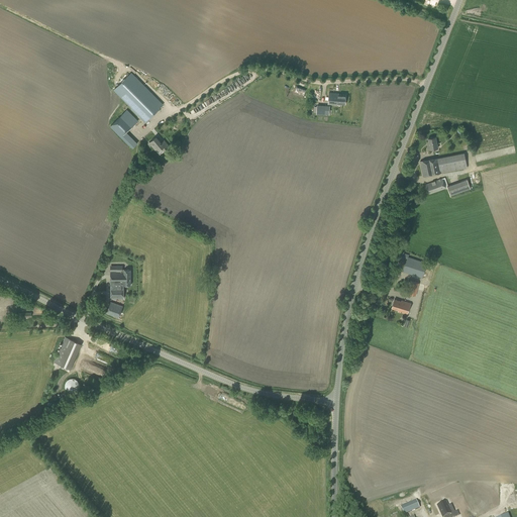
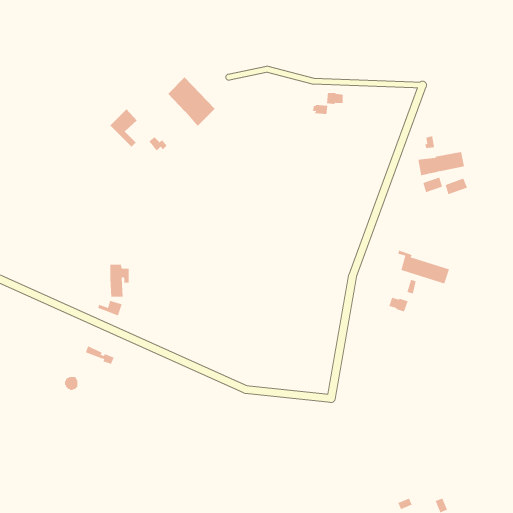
building: [114,73,163,123] -> [167,77,216,127]
building: [55,336,82,370] -> none

